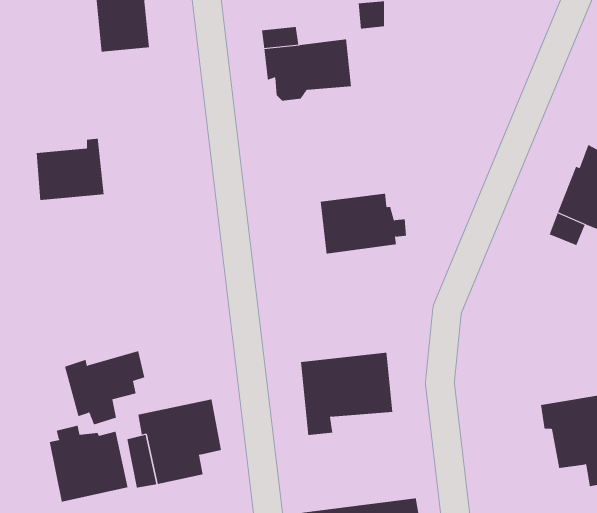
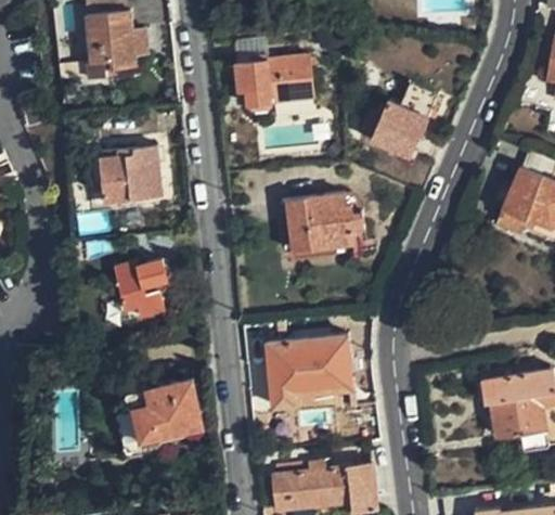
building: none -> [362,103,426,158]
building: [36,138,105,201] -> [102,147,163,203]
building: [64,351,145,425] -> [116,253,188,319]
building: [49,425,128,503] -> none

